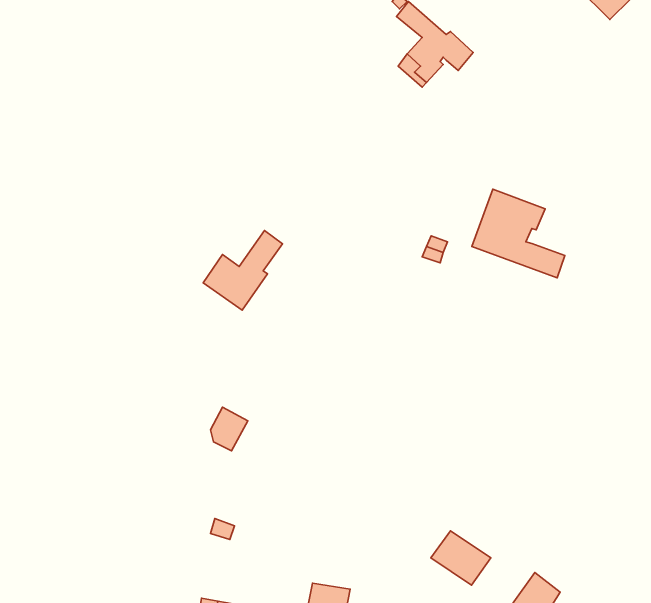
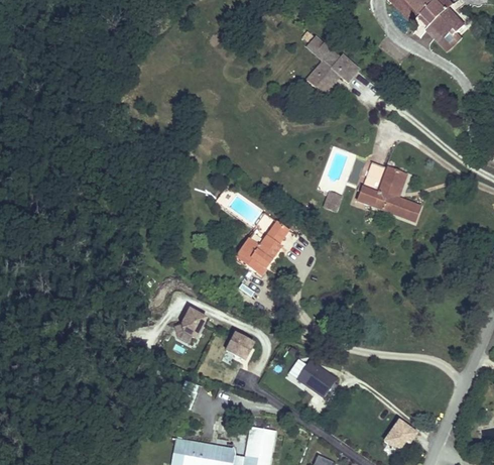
building: [203,230,283,310] -> [235,222,288,275]
building: none -> [226,333,254,360]
building: [431,531,491,585] -> [296,361,337,397]

